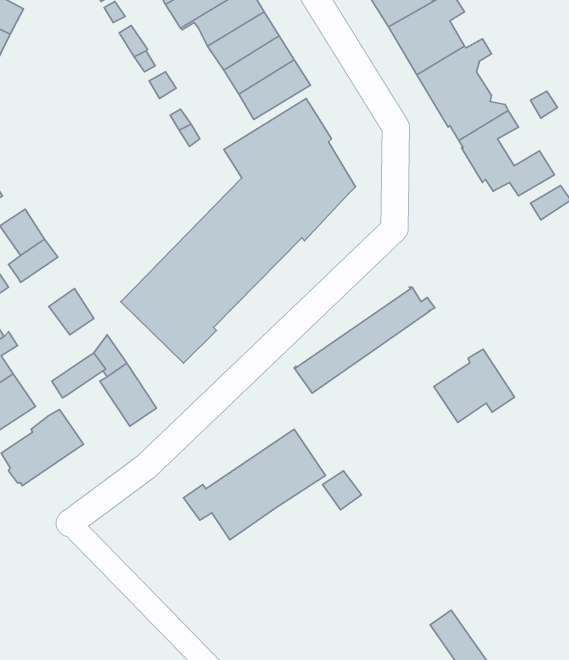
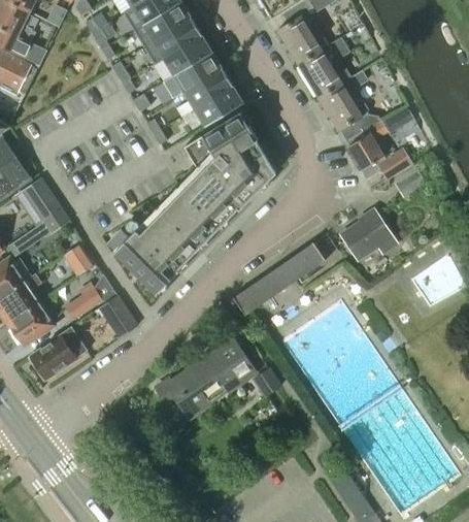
building: [434,349,515,422] -> [340,209,396,260]

